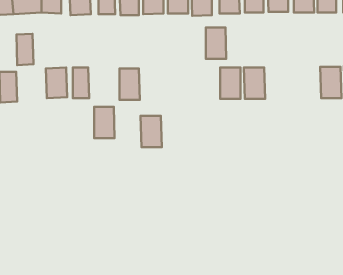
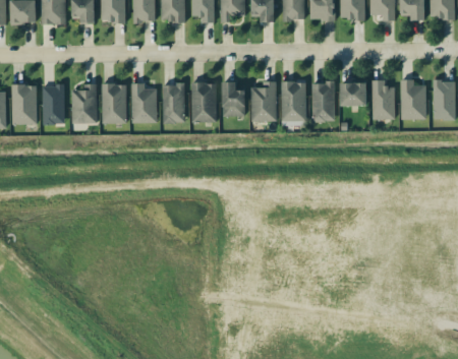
building: [206,28,226,59] -> [252,84,277,122]
building: [16,34,33,65] -> [45,87,65,125]
building: none -> [340,81,362,105]
building: none -> [369,82,394,120]
building: none -> [221,91,243,114]
building: [94,107,115,138] -> [131,84,156,122]
building: [141,116,162,147] -> [191,83,217,121]

